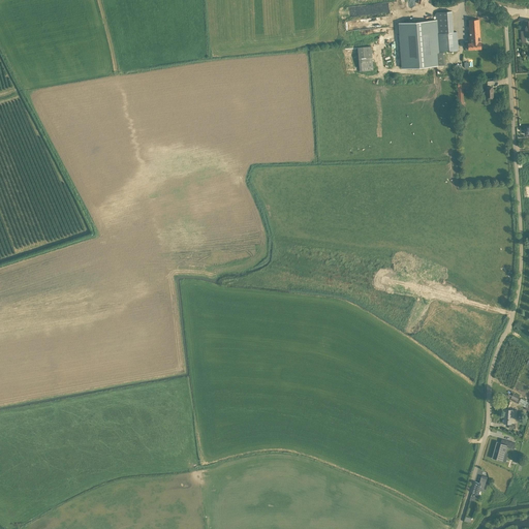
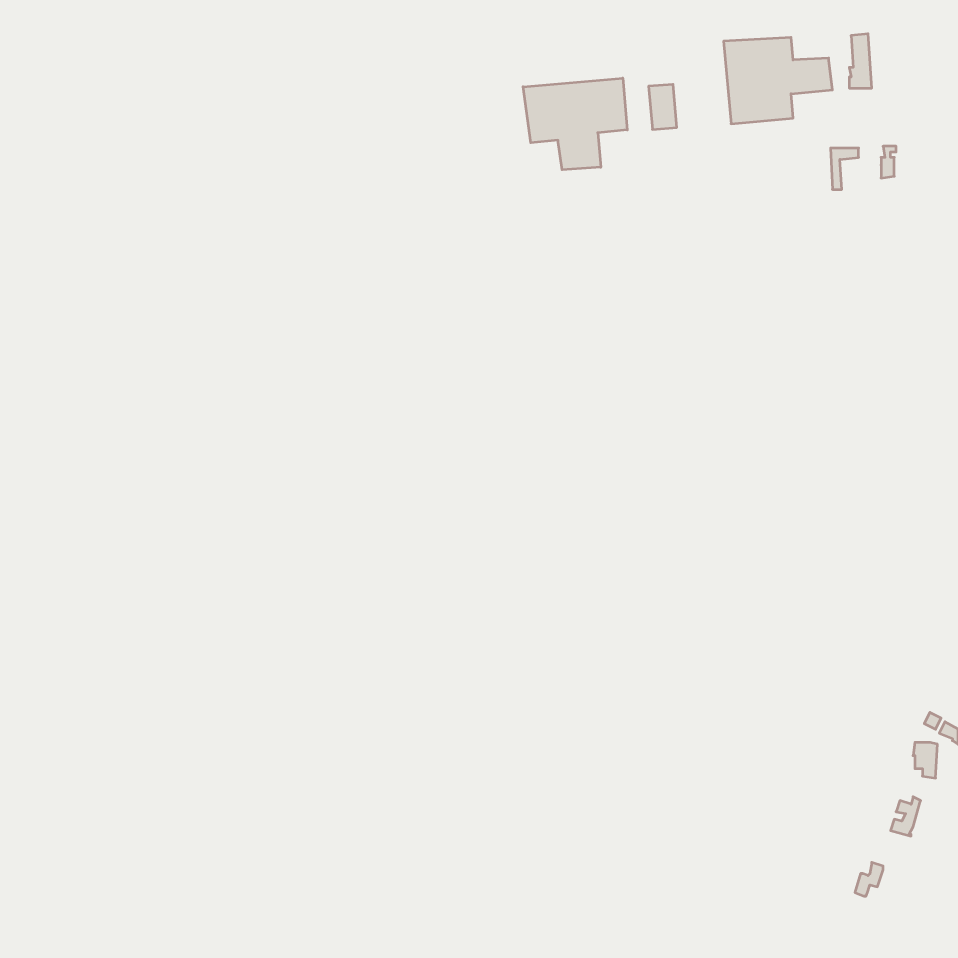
building: none -> [523,78,627,170]

